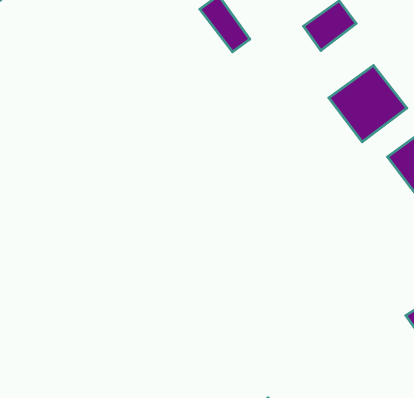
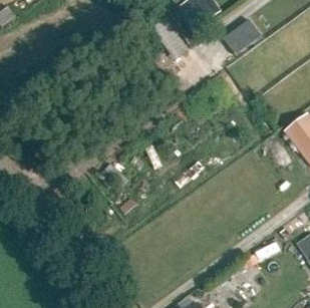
building: [329,65,407,142] -> none

